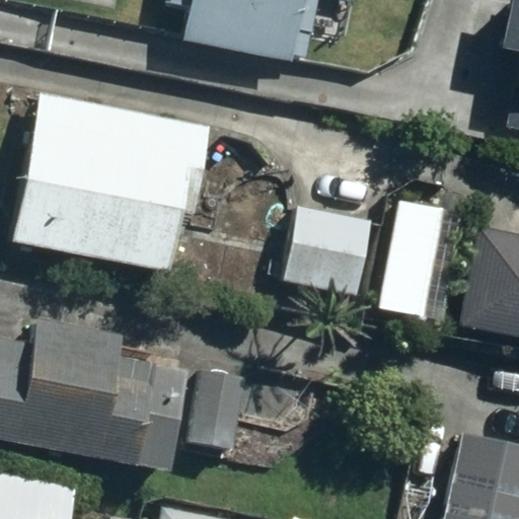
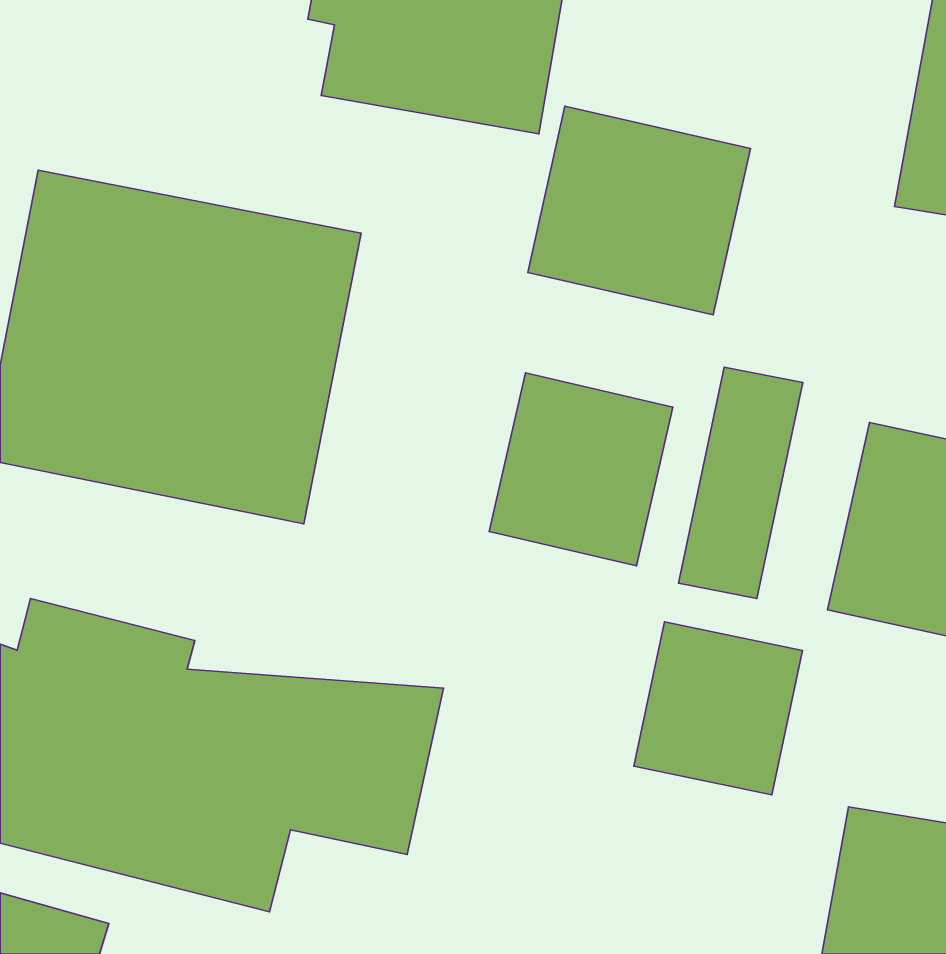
building: none -> [528,106,751,315]
building: none -> [634,622,803,795]

